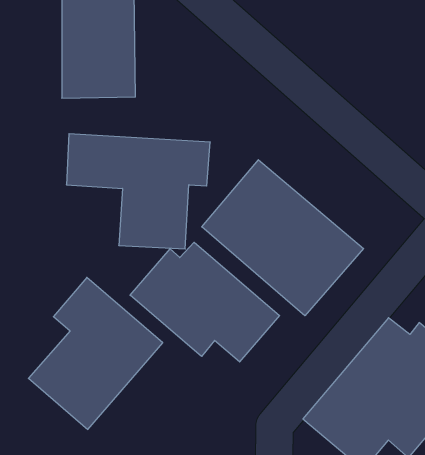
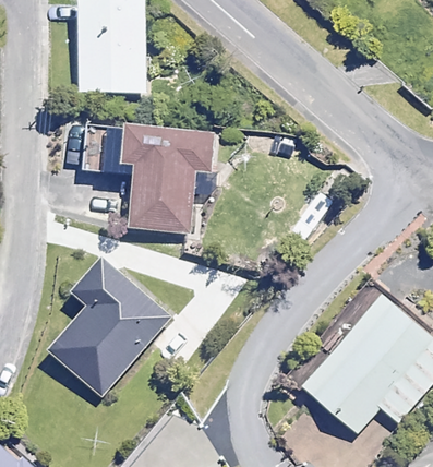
building: [202,160,364,316] -> none
building: [130,242,280,362] -> none

